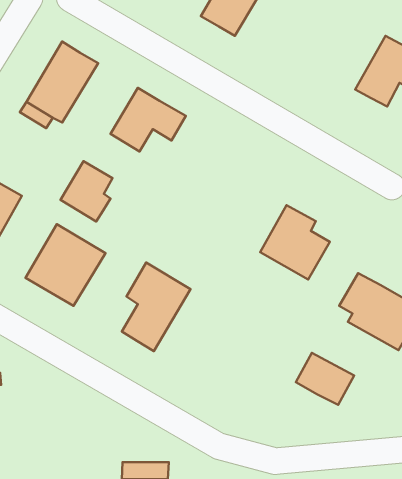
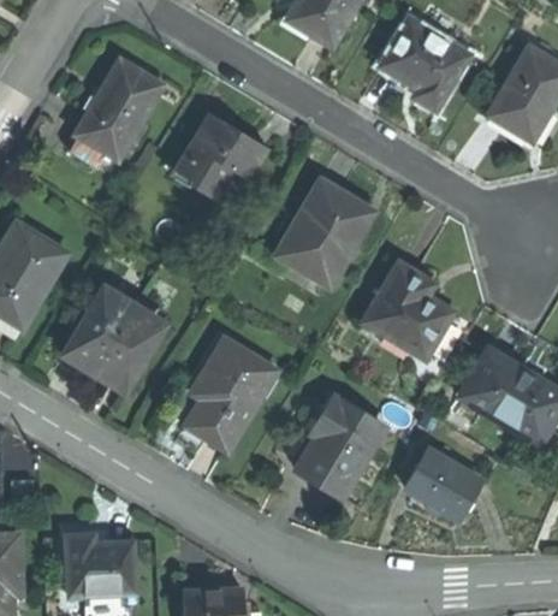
building: none -> [378,19,468,112]
building: none -> [275,179,370,283]
building: [60,161,113,222] -> none
building: none -> [298,397,385,497]
building: none -> [65,532,137,602]

